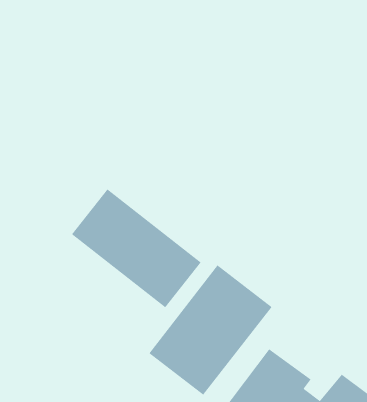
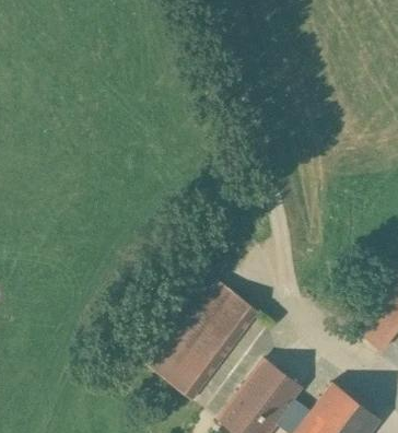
building: [71,189,202,308] -> none

